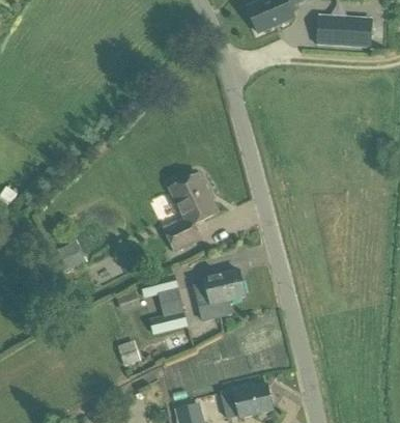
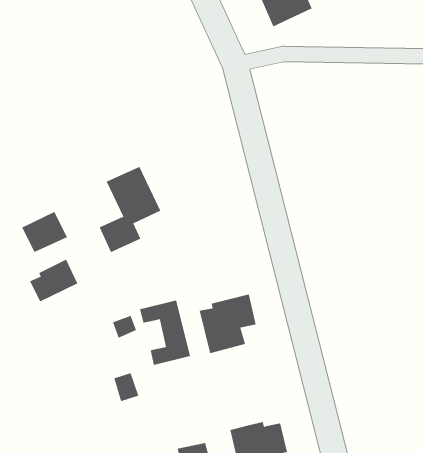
building: [314,15,372,48] -> none
building: [164,174,219,251] -> [99,166,161,253]
building: none -> [22,211,68,253]

